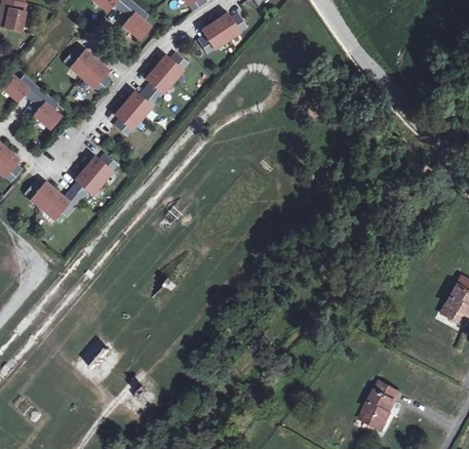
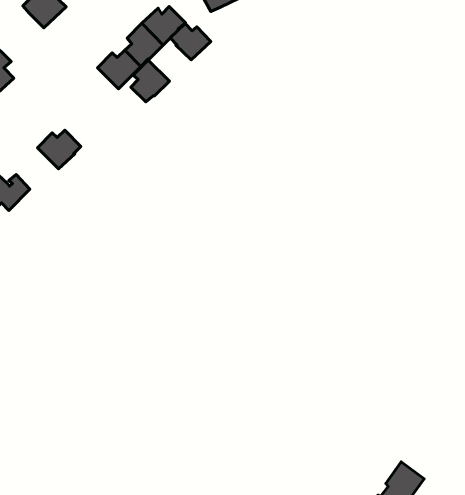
building: [81,59,111,92] -> none
building: none -> [170,24,211,60]
building: [113,104,142,135] -> [131,60,169,102]
building: [70,168,102,200] -> none

